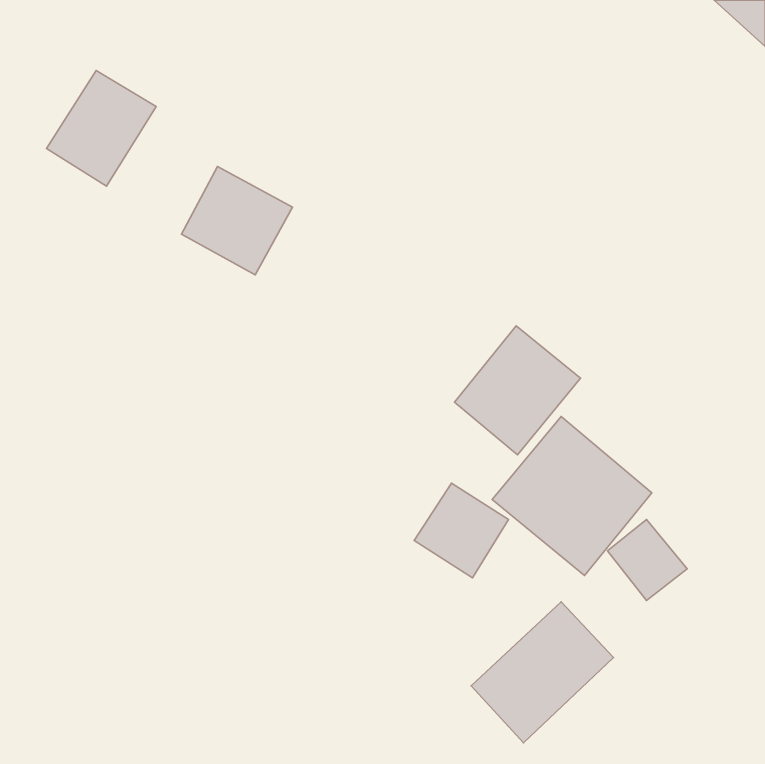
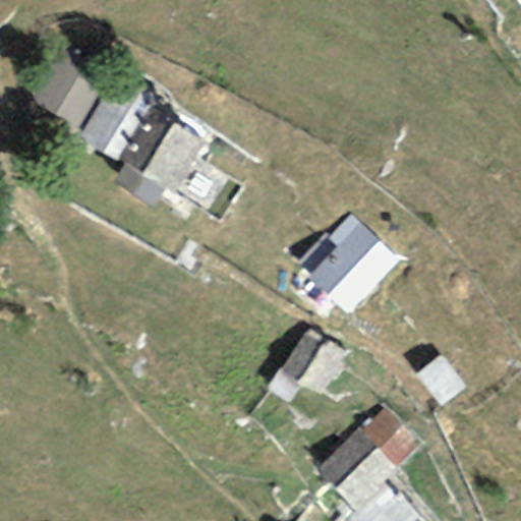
building: none -> [77,73,152,159]
building: [492,417,652,576] -> none

